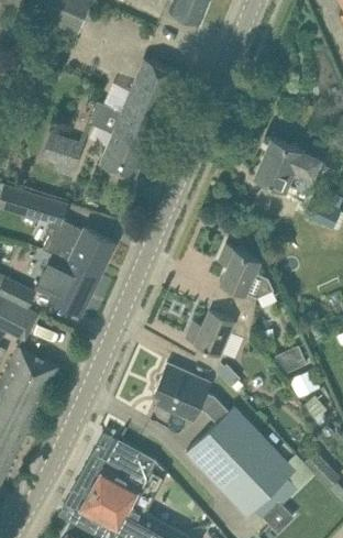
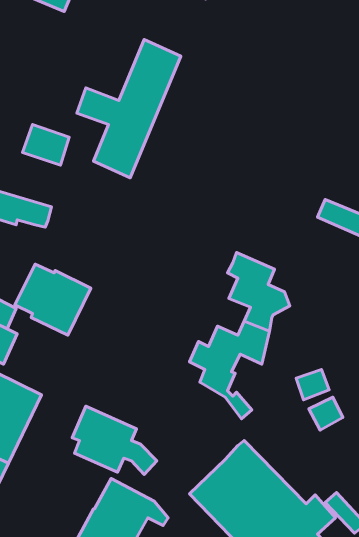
building: [255,139,321,190] -> none
building: [42,217,115,275] -> none
building: [154,364,228,424] -> [72,406,157,475]

